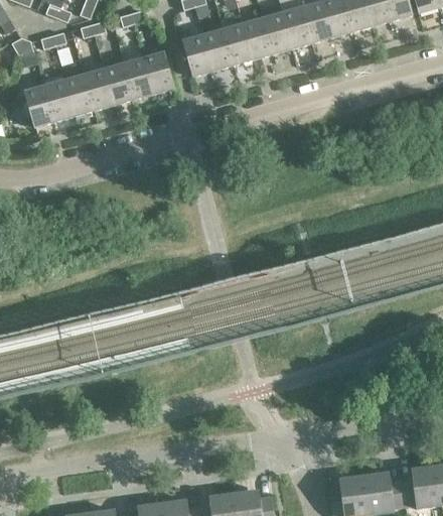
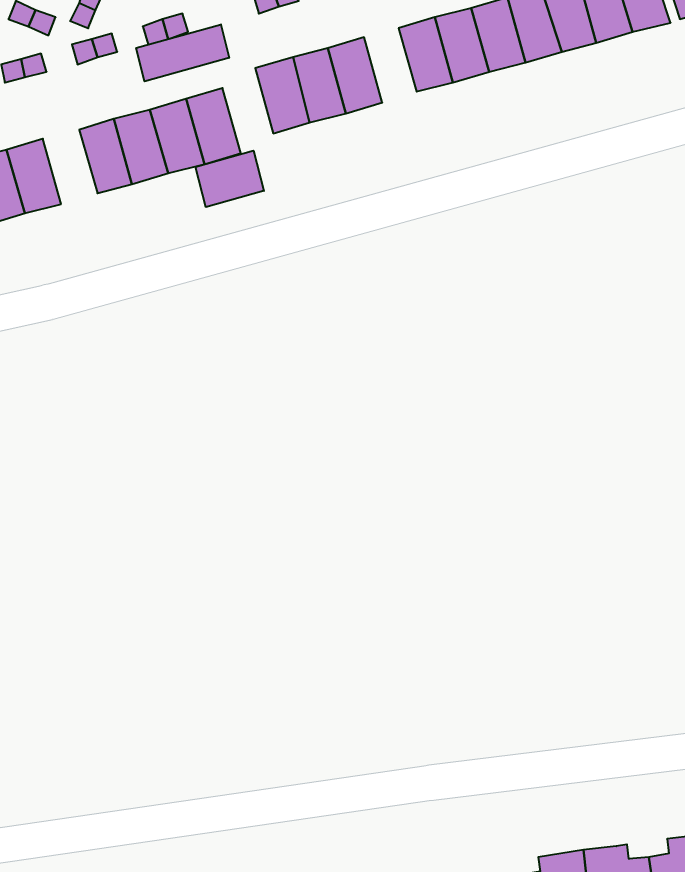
building: none -> [136,24,229,81]
building: [243,18,272,59] -> none
building: [64,75,95,116] -> none
building: none -> [195,151,264,207]

